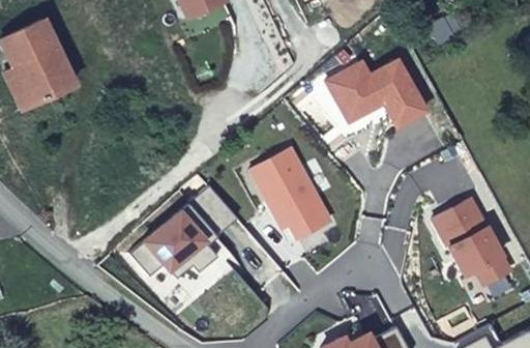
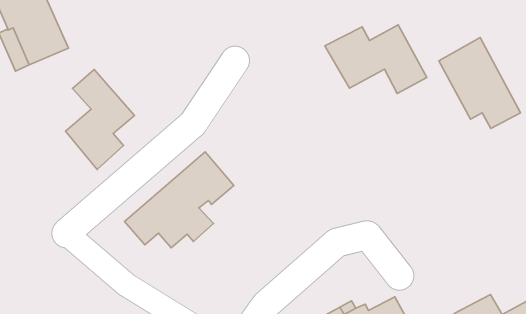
building: none -> [65,69,134,169]
building: [251,149,329,239] -> none
building: [433,197,512,286] -> [439,38,520,129]

